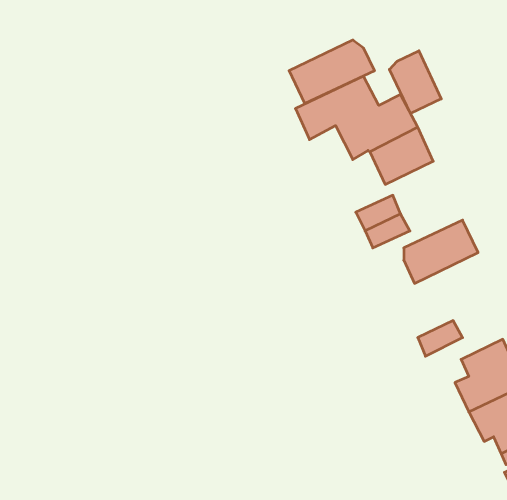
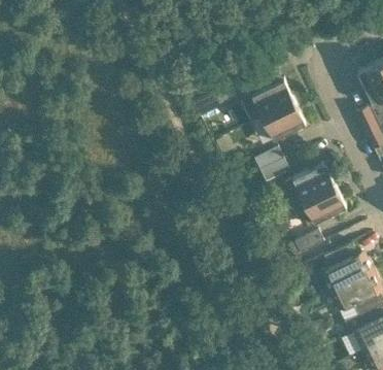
building: [289,40,374,103] -> none
building: [389,51,441,114] -> none
building: none -> [294,186,348,227]

